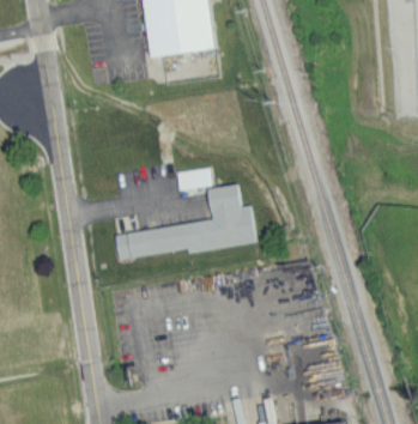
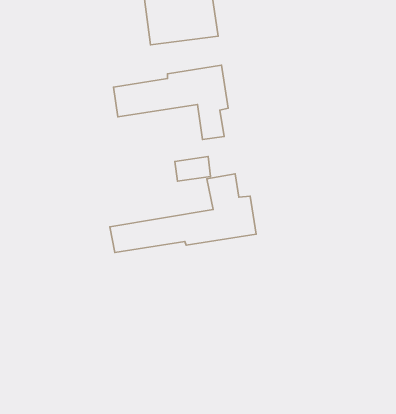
building: none -> [114,65,228,139]

